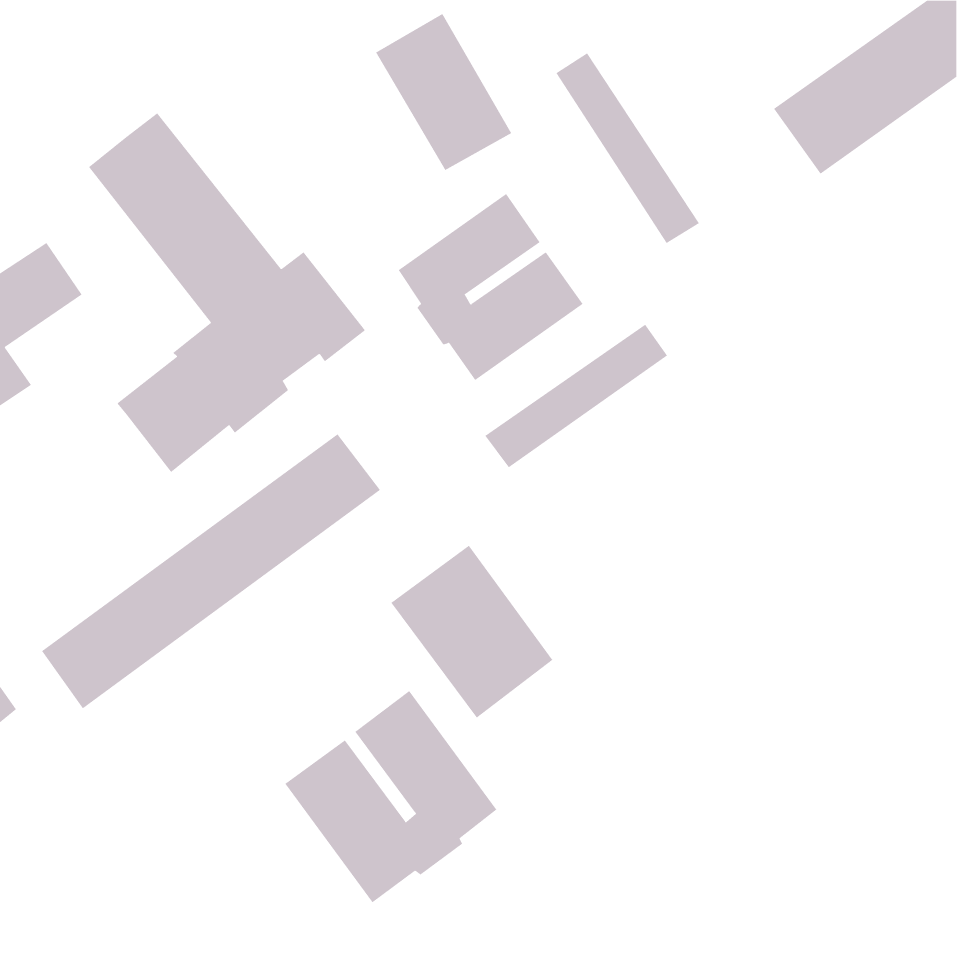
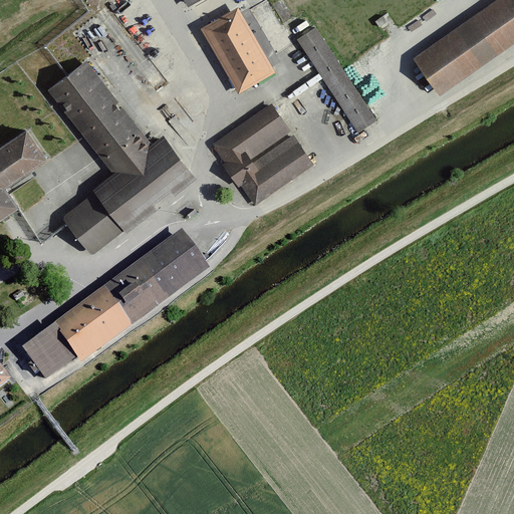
building: [485,324,668,468] -> none
building: [391,545,553,719] -> none
building: [285,690,497,903] -> none

